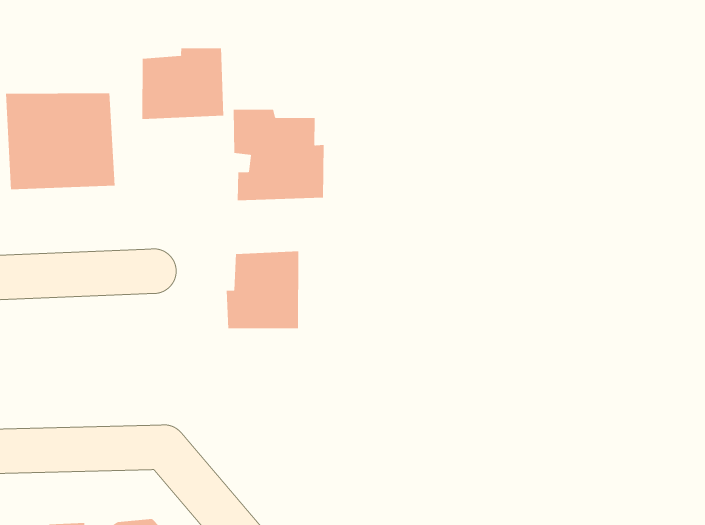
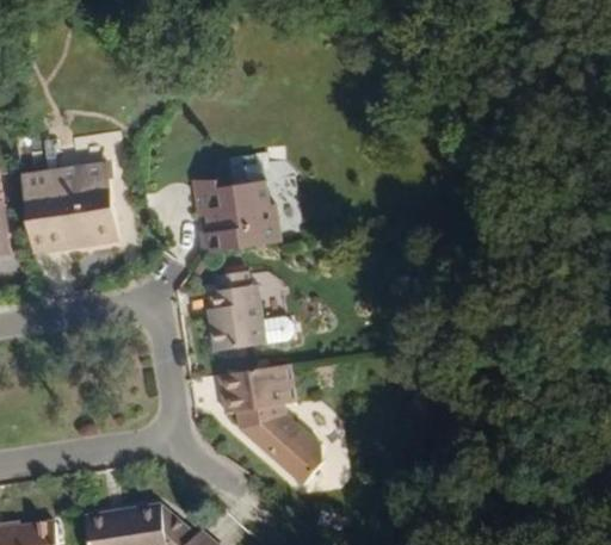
building: [142,47,224,120] -> none
building: none -> [216,359,319,479]

